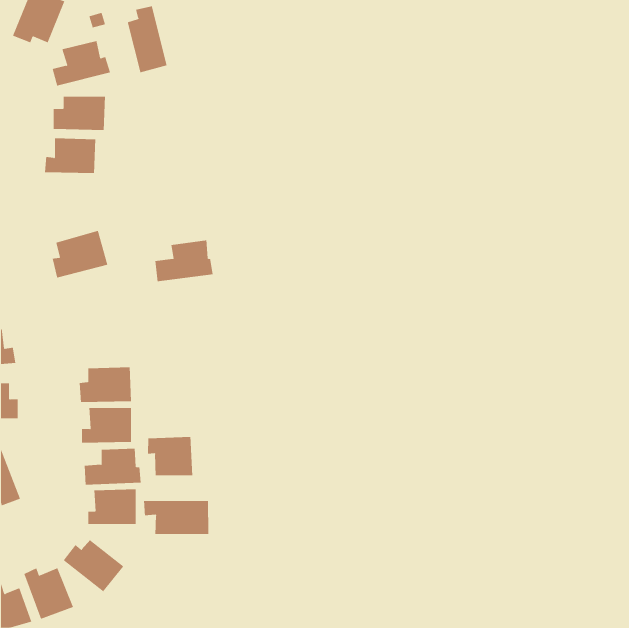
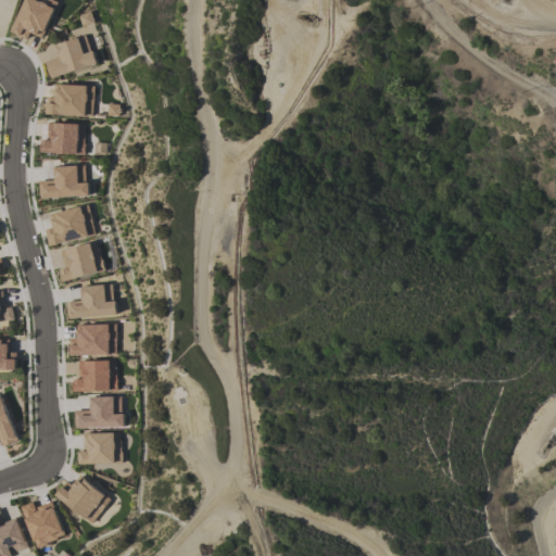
building: [127,5,167,73] -> none
building: none -> [39,165,89,197]
building: [154,240,213,282] -> [65,282,117,319]
building: none -> [59,241,103,281]
building: [148,436,193,476] -> none
building: [144,500,209,535] -> none

